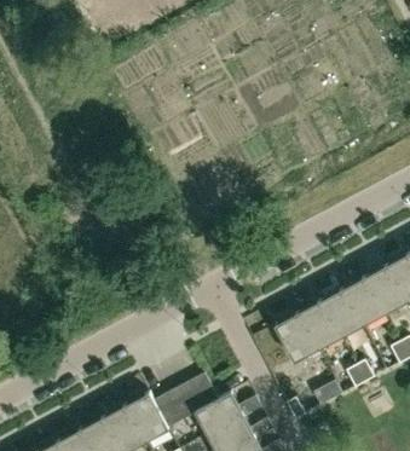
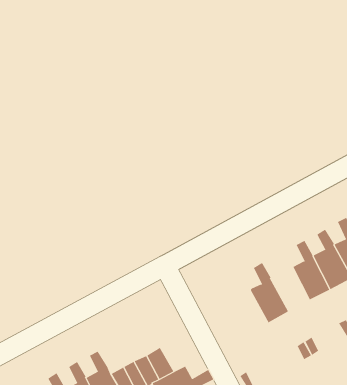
building: [322,272,363,336] -> none
building: [277,296,319,360] -> none

